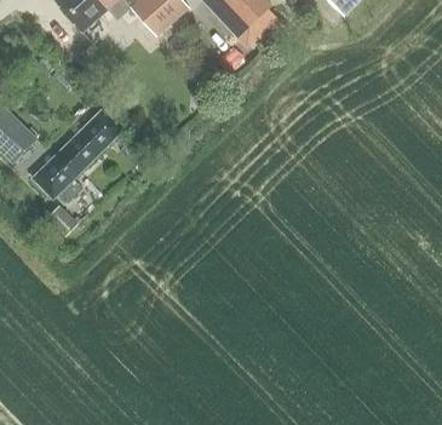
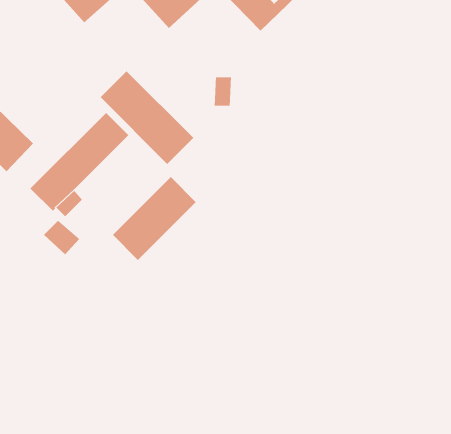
building: none -> [100,70,194,165]
building: none -> [112,176,197,261]

